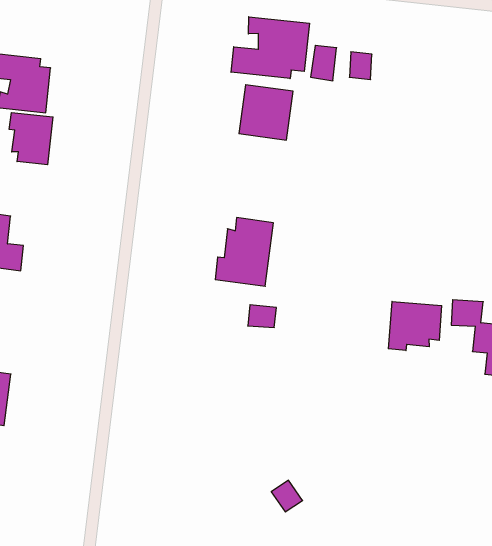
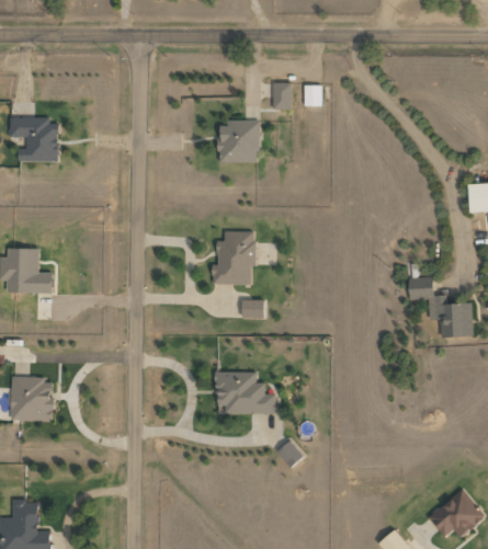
building: [231,17,309,79] -> none
building: [9,113,53,165] -> none
building: [388,301,442,351] -> none
building: none -> [216,371,274,413]

